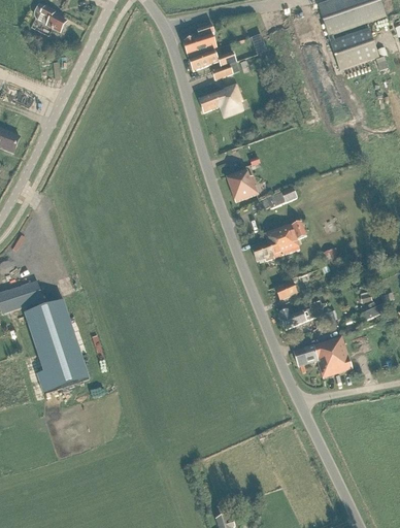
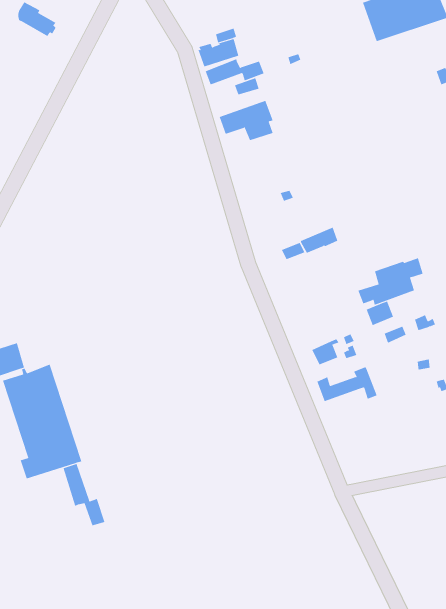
building: [329,27,379,70] -> none
building: [228,168,260,201] -> none
building: [253,222,306,261] -> [358,257,424,306]
building: [294,336,353,378] -> none
building: none -> [63,463,105,526]

